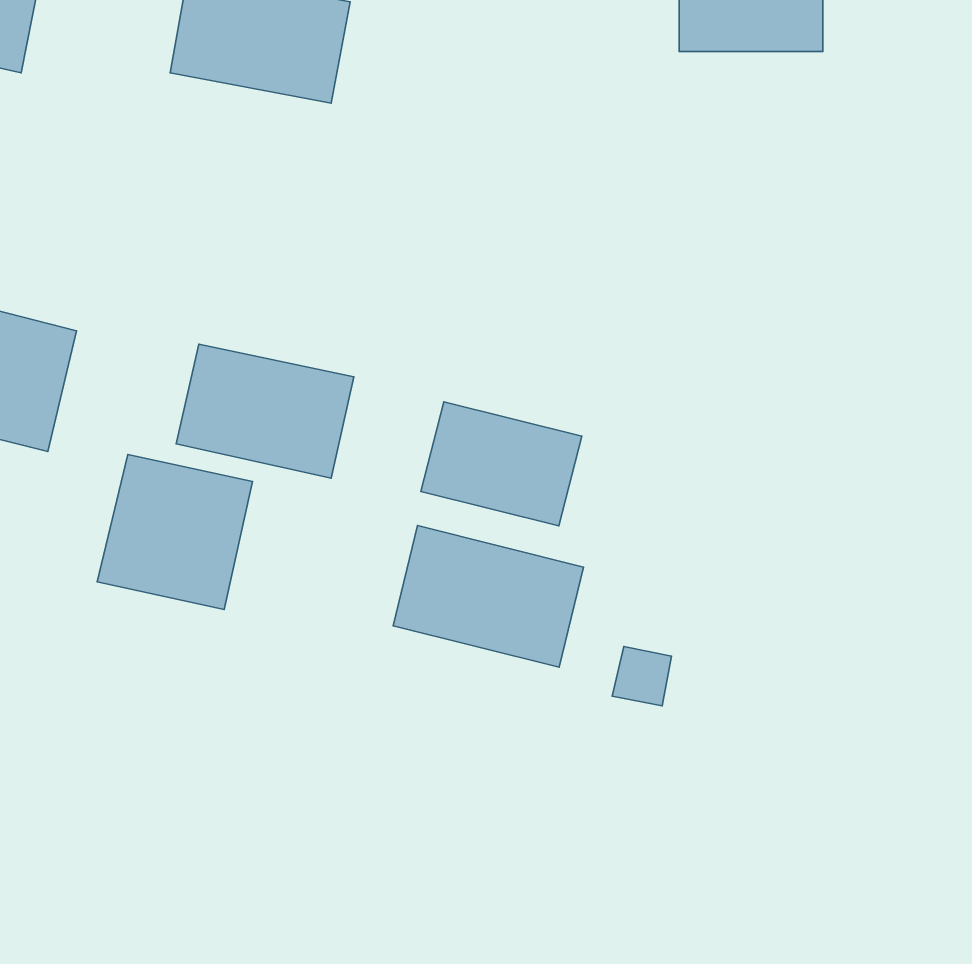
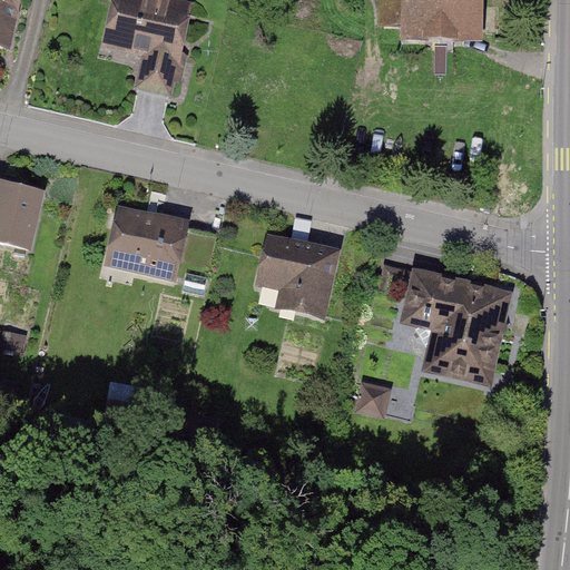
building: [97,455,253,610] -> none
building: none -> [401,269,510,387]
building: [393,526,584,667] -> none

